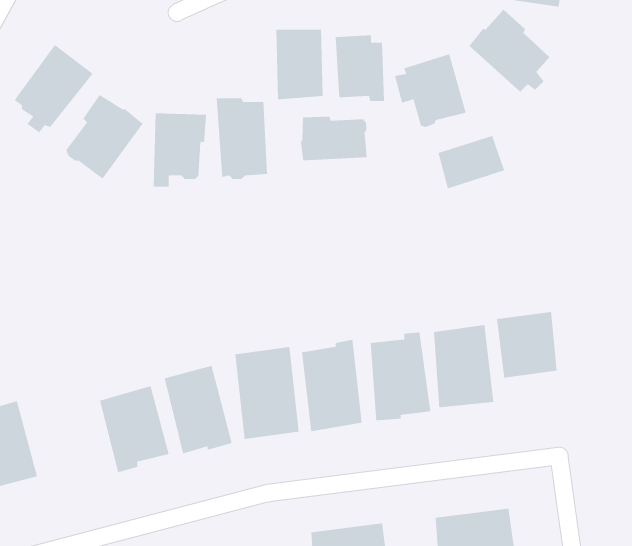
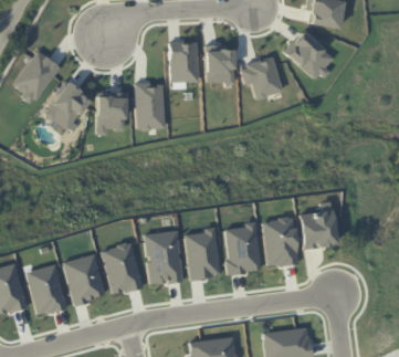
building: [300,116,367,161] -> none
building: [438,135,505,189] -> none
building: none -> [27,263,67,316]

